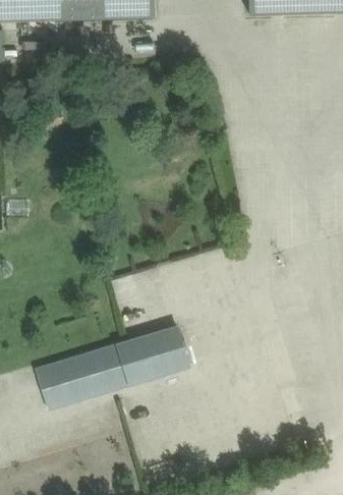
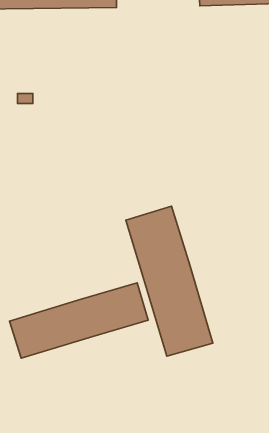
building: none -> [126,206,213,356]

